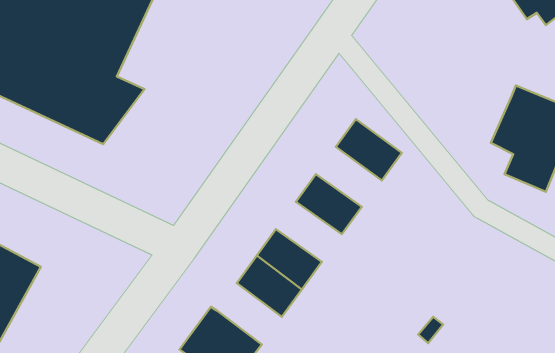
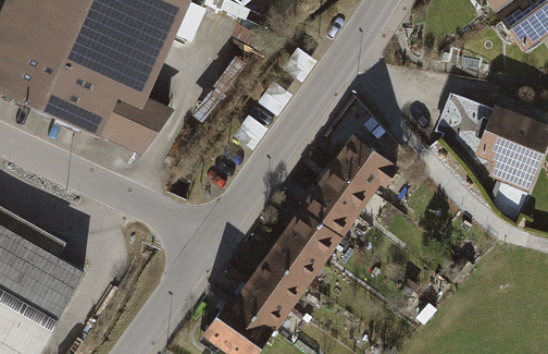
building: none -> [431,91,494,152]
building: none -> [323,156,381,208]
building: none -> [288,204,346,256]
building: none -> [237,274,294,328]

